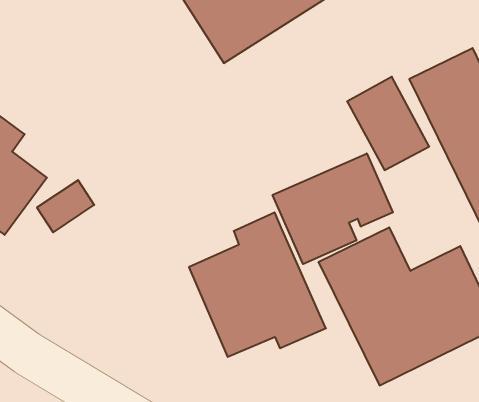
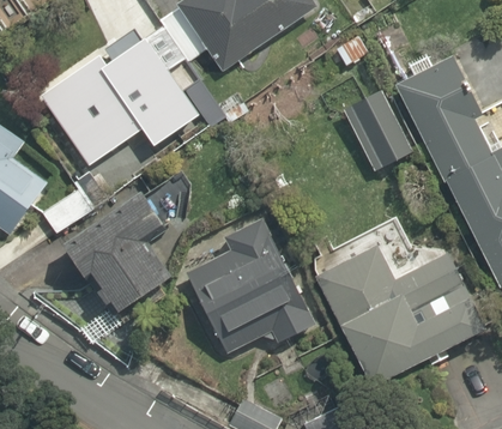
building: none -> [42,25,199,163]
building: [273,153,393,264] -> none
building: none -> [58,192,177,322]

